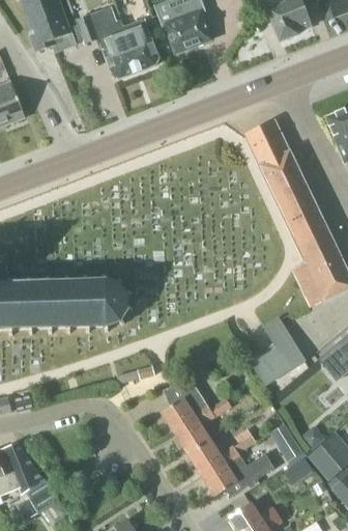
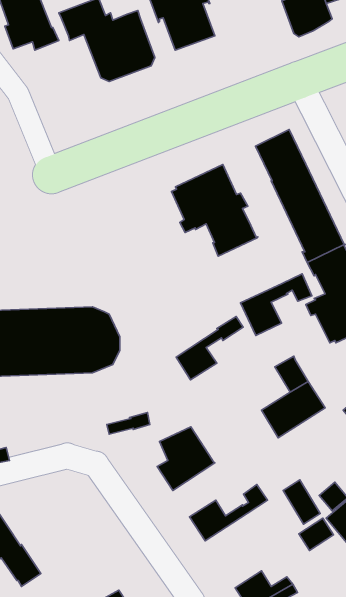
building: none -> [172,164,258,256]
building: none -> [240,274,312,336]
building: [174,396,232,451] -> [176,316,243,380]
building: [202,451,273,495] -> none

